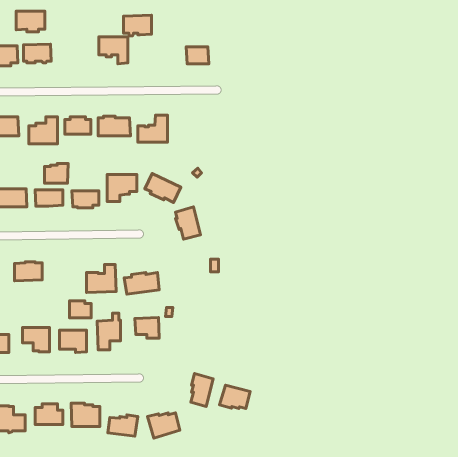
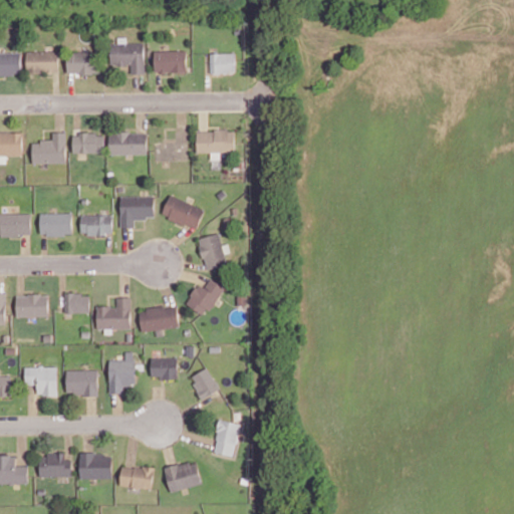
building: [16,11,45,32] -> [66,52,98,75]
building: [124,15,151,36] -> [153,52,184,75]
building: none -> [195,131,232,153]
building: [45,164,68,183] -> none
building: none -> [184,280,222,315]
building: [69,301,91,318] -> [64,294,88,313]
building: none -> [188,369,217,400]
building: [220,385,250,408] -> none

